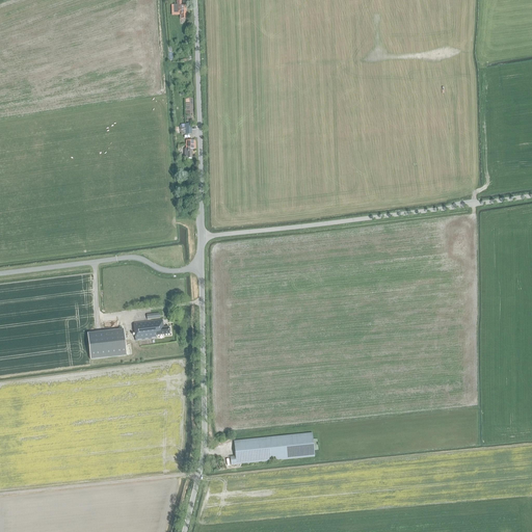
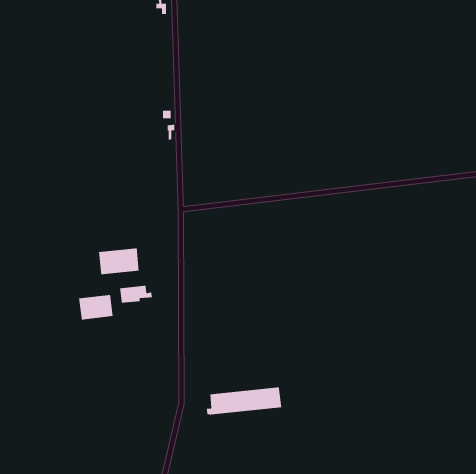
building: none -> [98,248,140,275]

